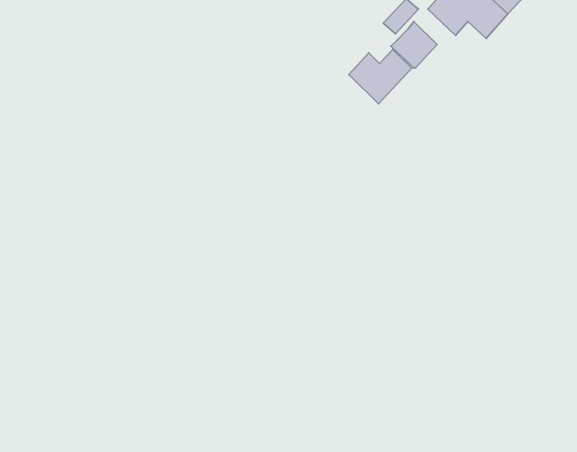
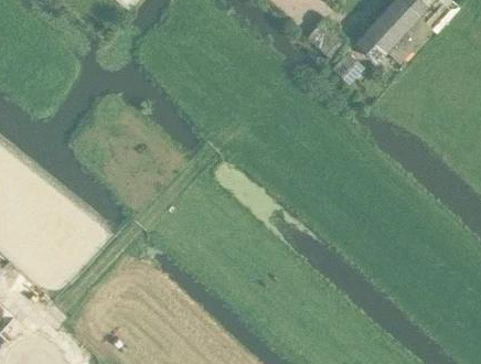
building: [349,49,412,104] -> none

